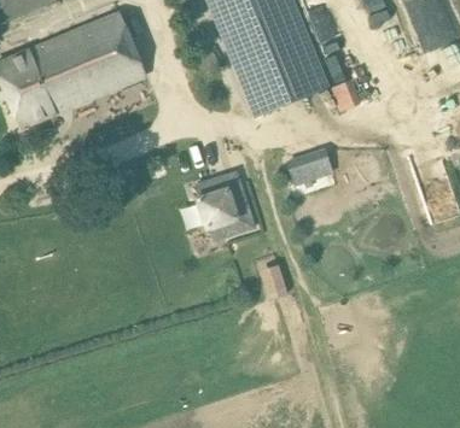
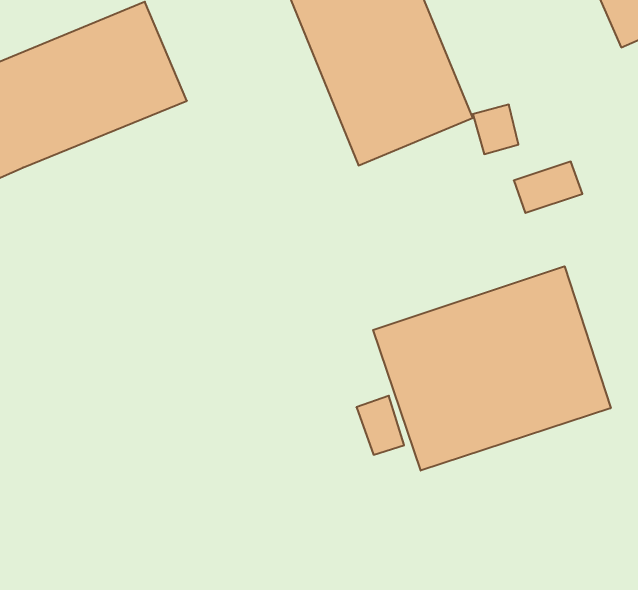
building: [289,151,332,183] -> [514,162,582,213]
building: [202,176,255,239] -> none
building: none -> [373,266,611,471]

